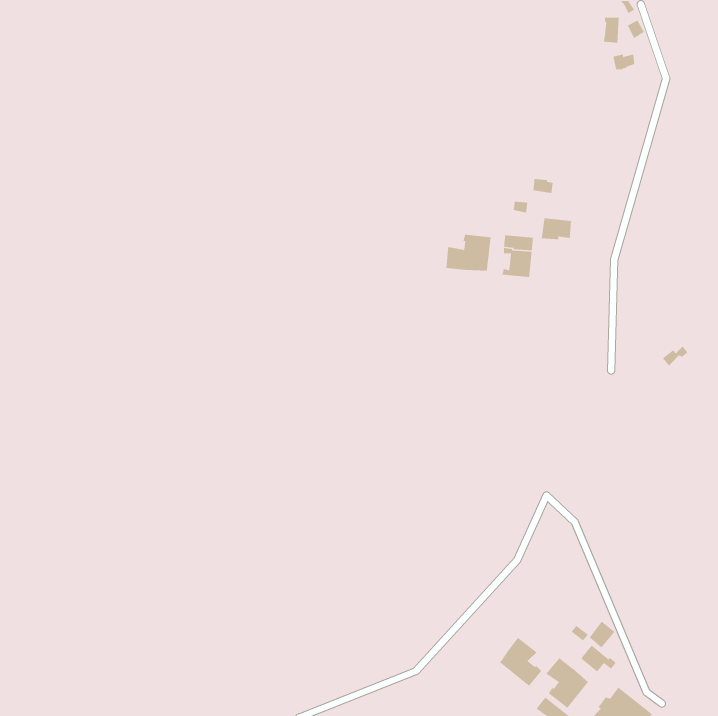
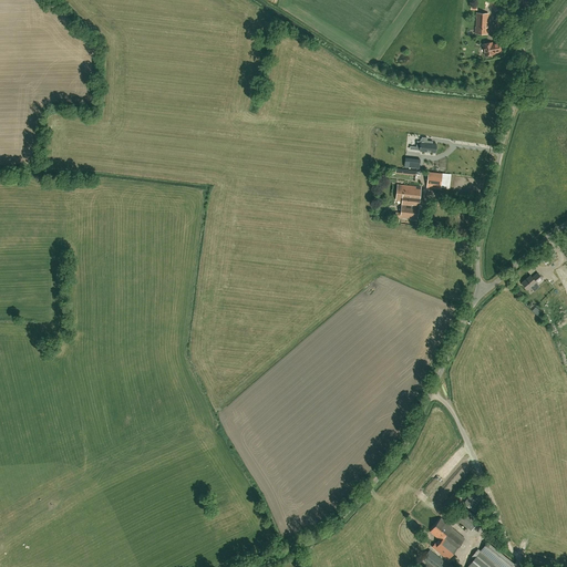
building: [446,234,491,271] -> none
building: [499,637,542,687] -> none

